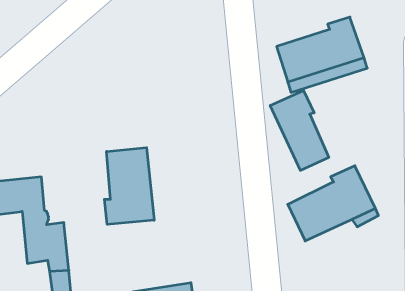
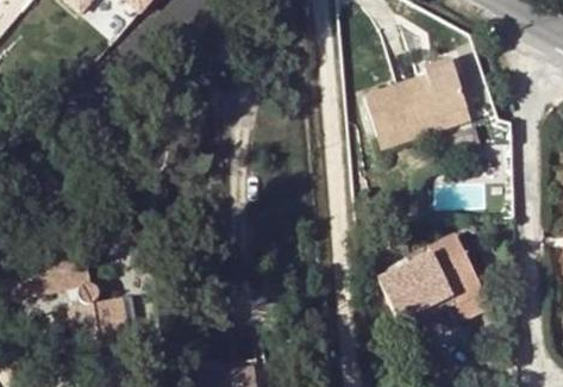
building: [270,90,329,170] -> none
building: [104,148,154,224] -> none

